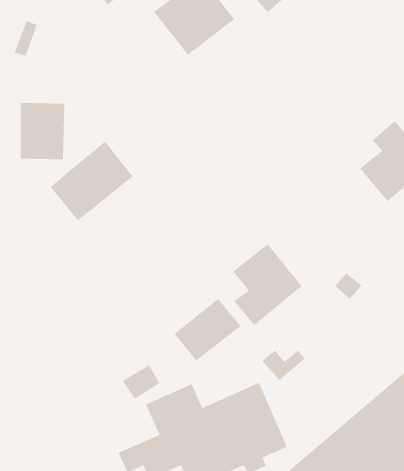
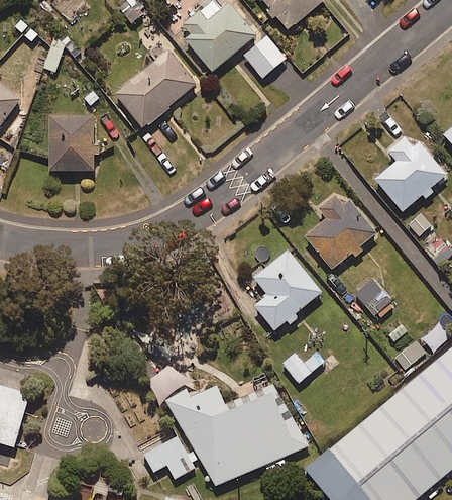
building: none -> [244,36,286,78]
building: [49,141,133,222] -> [115,49,196,127]
building: none -> [305,191,374,269]
building: [174,298,241,362] -> none

